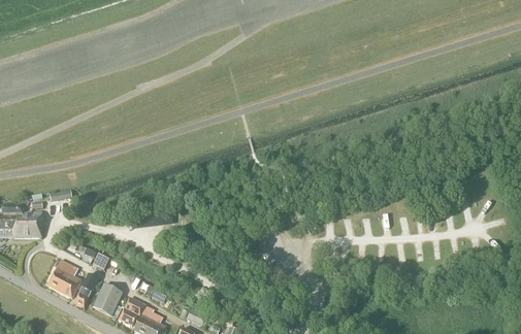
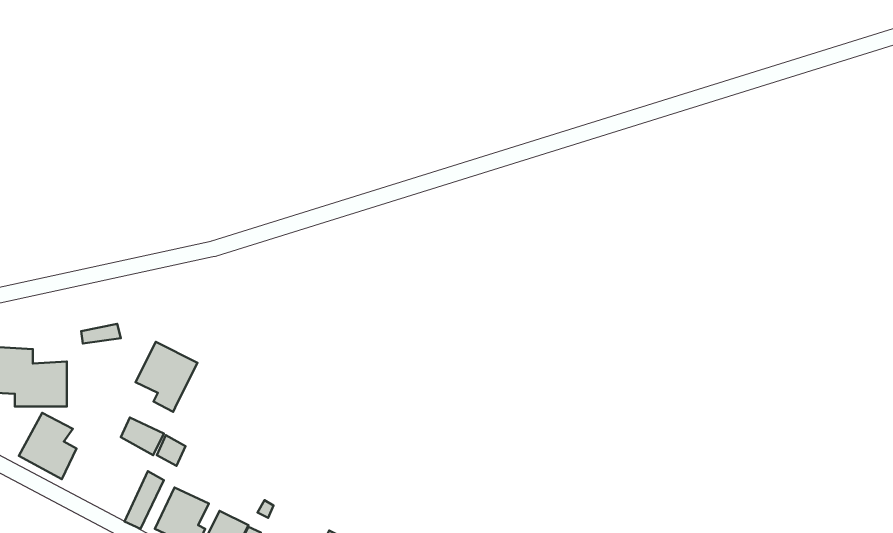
building: none -> [135,342,198,412]
building: [47,259,80,297] -> [19,413,76,479]

